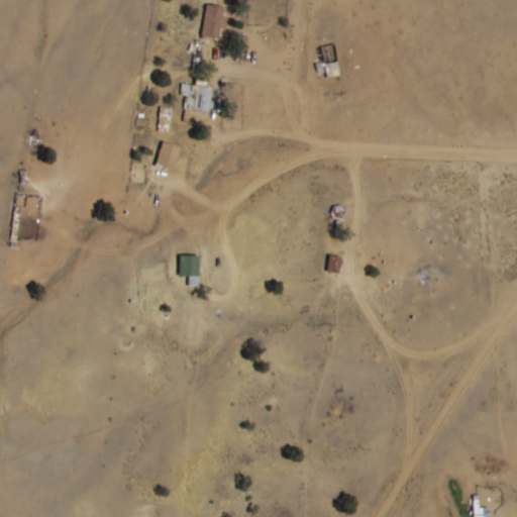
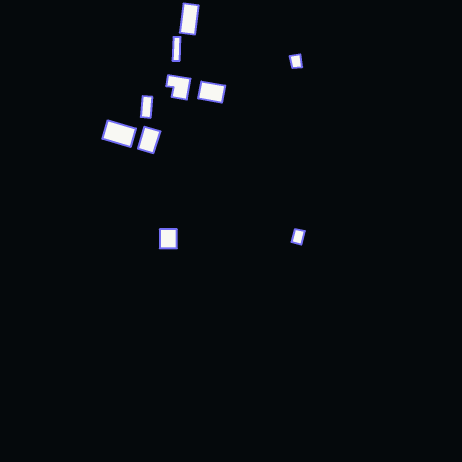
building: none -> [198,81,225,103]
building: none -> [102,120,136,147]

